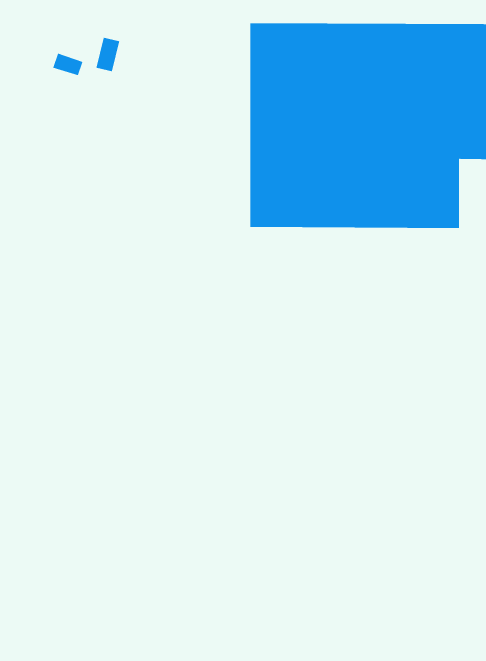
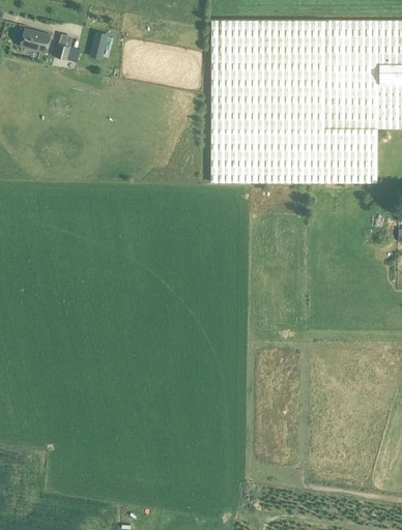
building: none -> [21,29,52,53]

